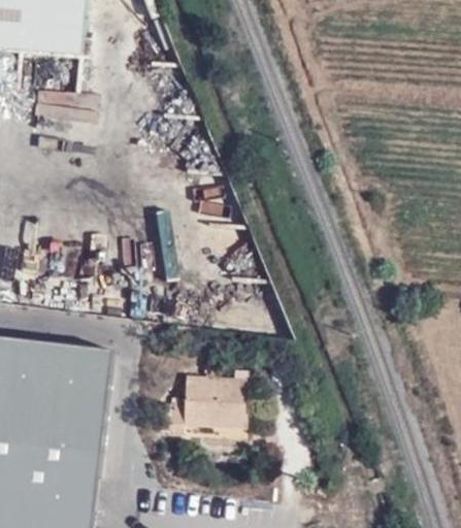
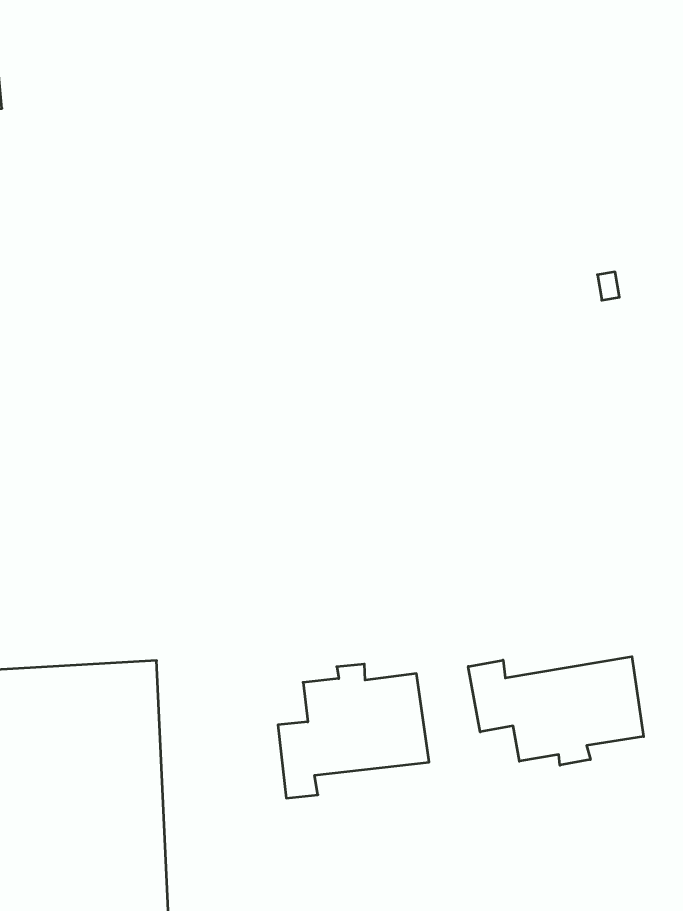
building: none -> [468,657,644,765]

